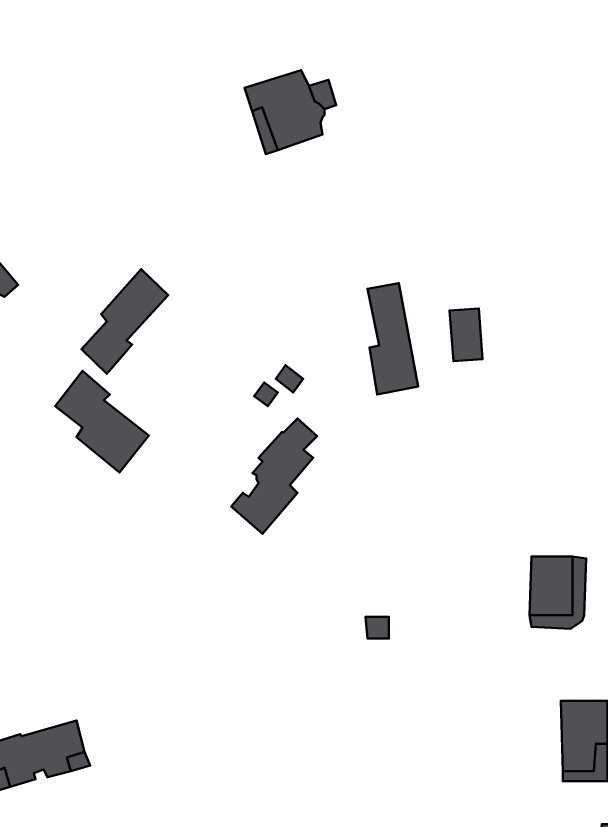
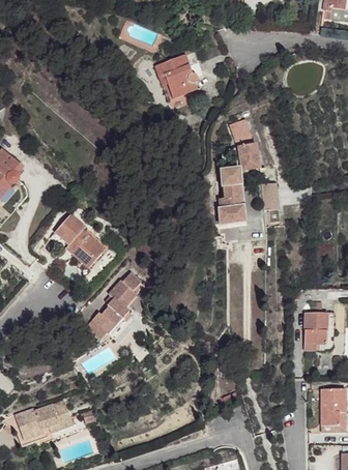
building: none -> [230,119,260,168]
building: [81,269,168,374] -> none
building: [231,419,317,534] -> [93,272,139,333]

